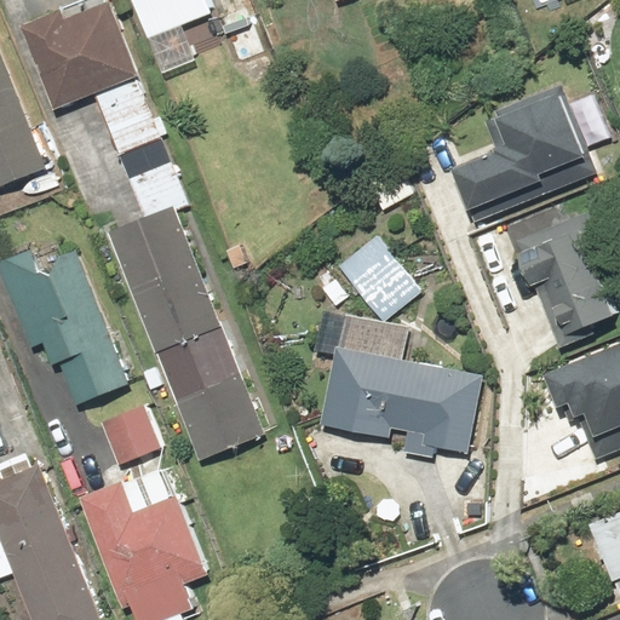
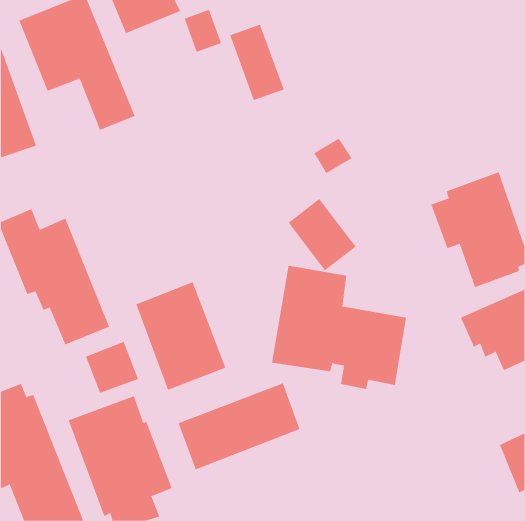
building: none -> [229,24,284,101]
building: [448,87,592,213] -> none
building: [110,161,220,352] -> none
building: none -> [178,383,300,470]

